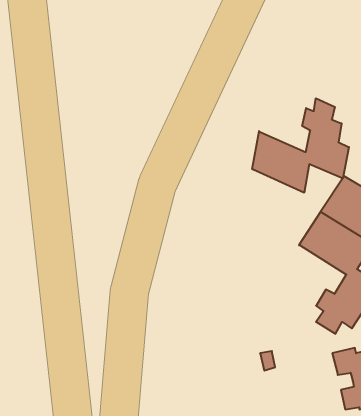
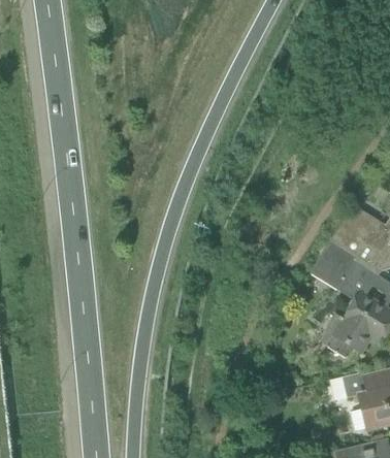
building: [252,98,349,193] -> none

